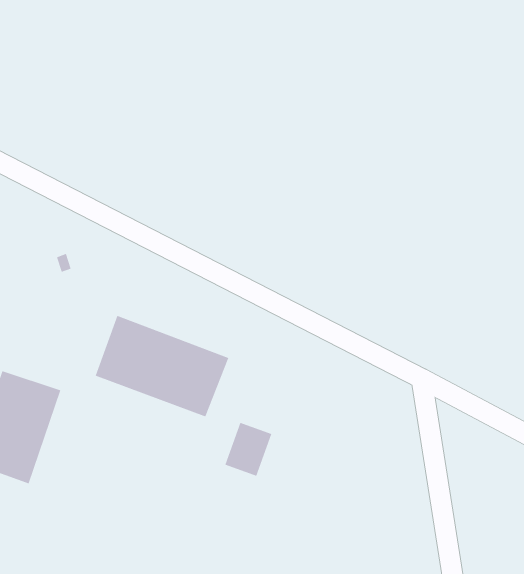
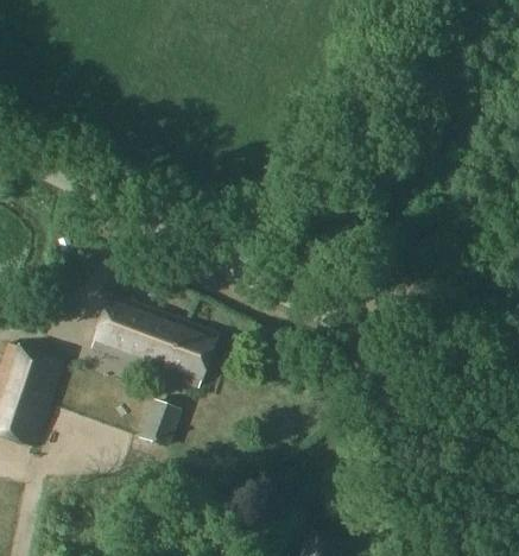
building: [224,422,272,476] -> [134,399,178,449]

